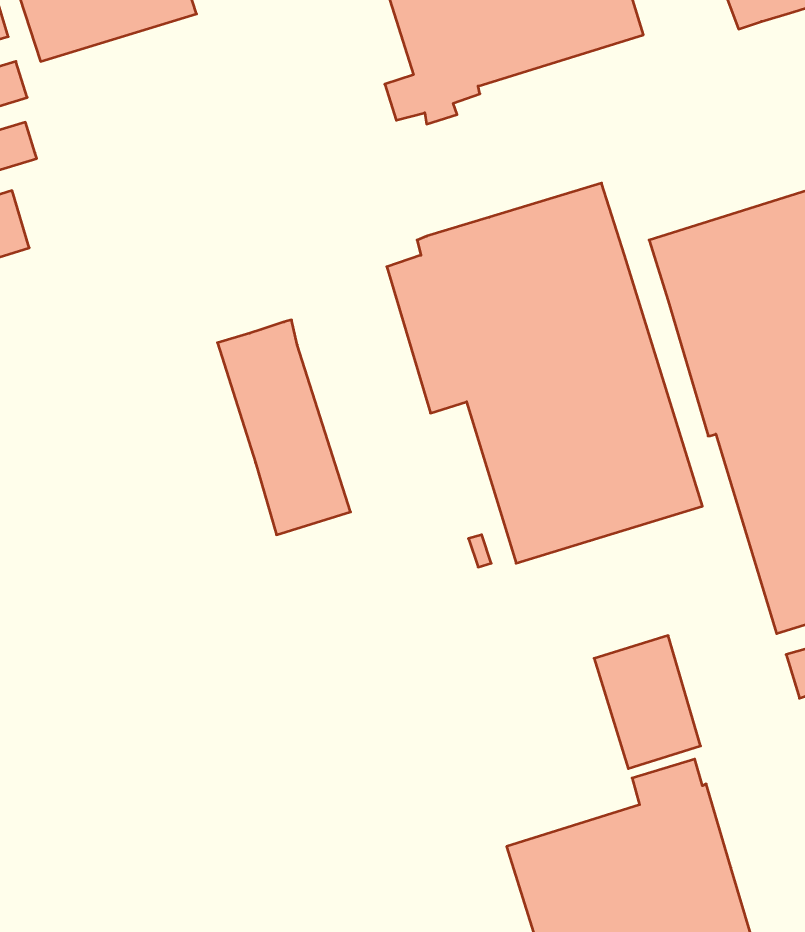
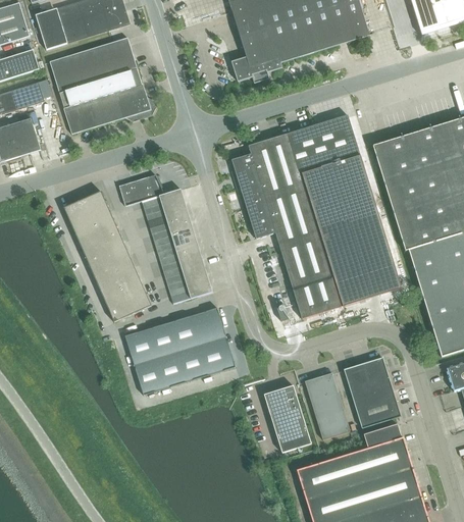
building: none -> [50,37,156,134]
building: none -> [119,173,165,205]
building: none -> [64,191,152,321]
building: none -> [125,307,236,395]
building: none -> [305,372,351,439]
building: none -> [264,384,312,453]

